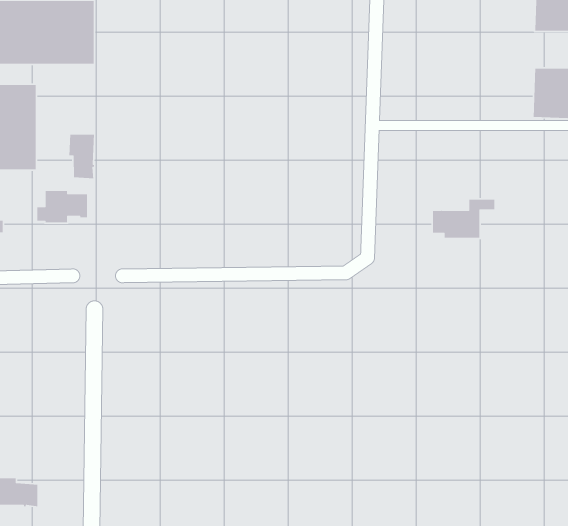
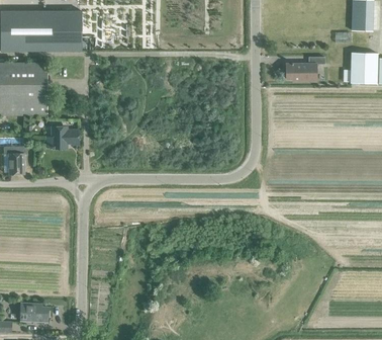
building: [68,134,95,179] -> none
building: [432,199,495,238] -> [286,57,324,81]

